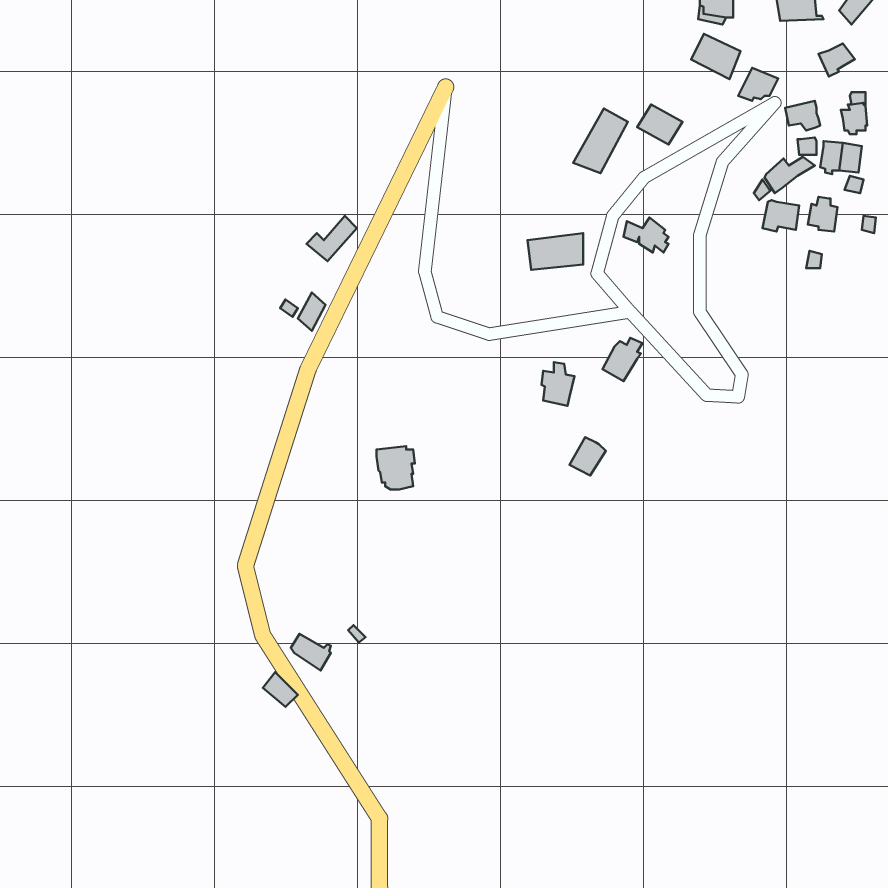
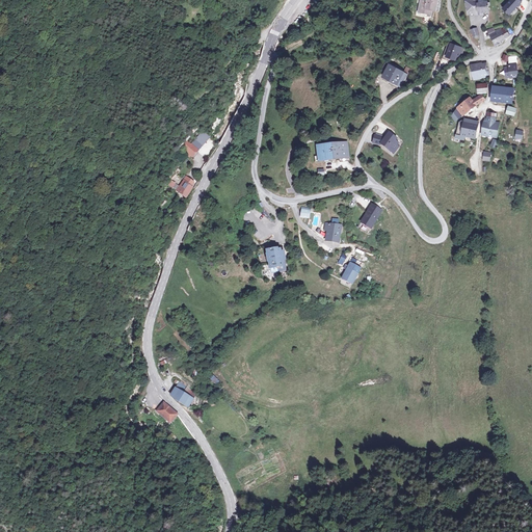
building: [691,34,740,79] -> none
building: [573,108,628,173] -> none
building: [377,446,415,490] -> [264,246,287,272]

